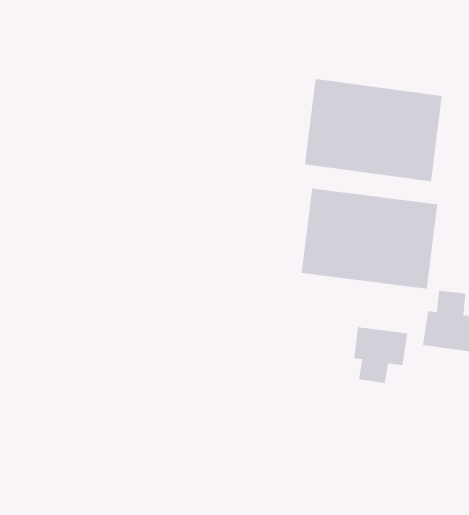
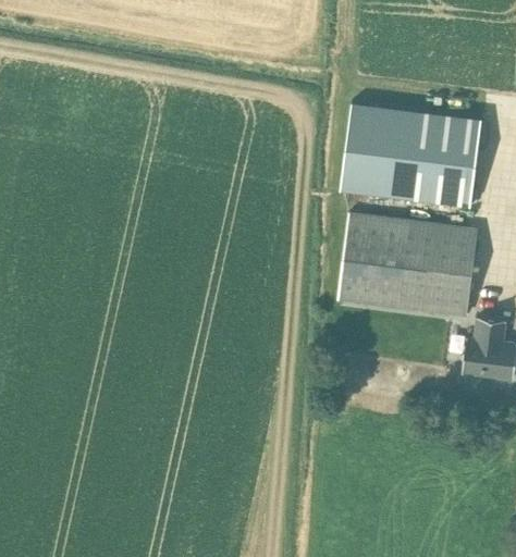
building: [354,326,408,384] -> none

